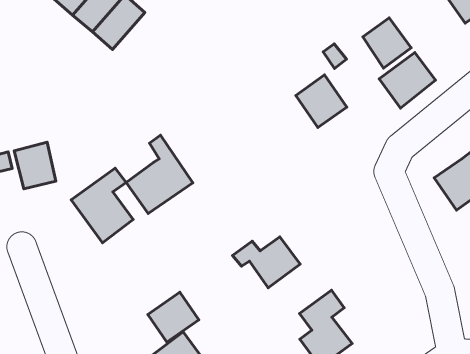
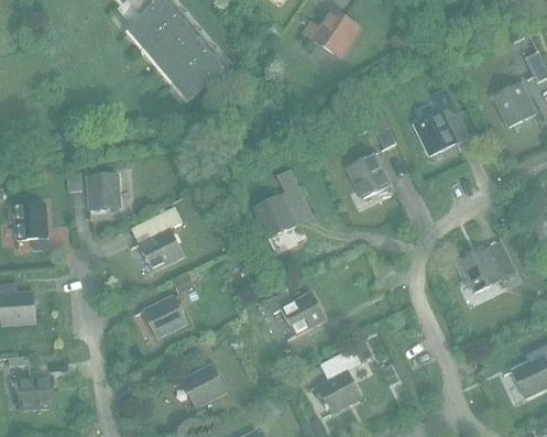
building: [379,53,436,108] -> none
building: [126,135,193,213] -> [253,170,313,238]
building: [148,292,199,342] -> [143,295,188,338]

